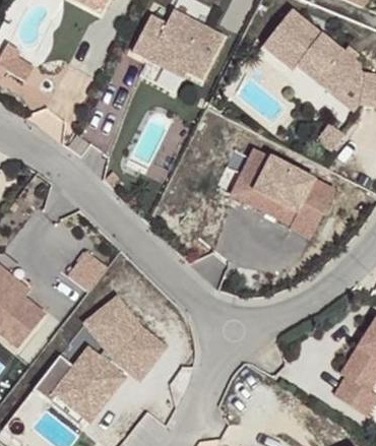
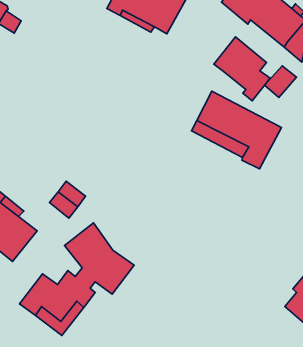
building: none -> [214,37,270,101]

